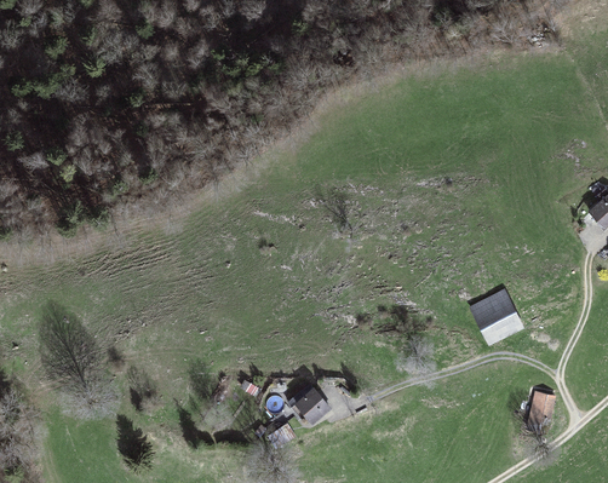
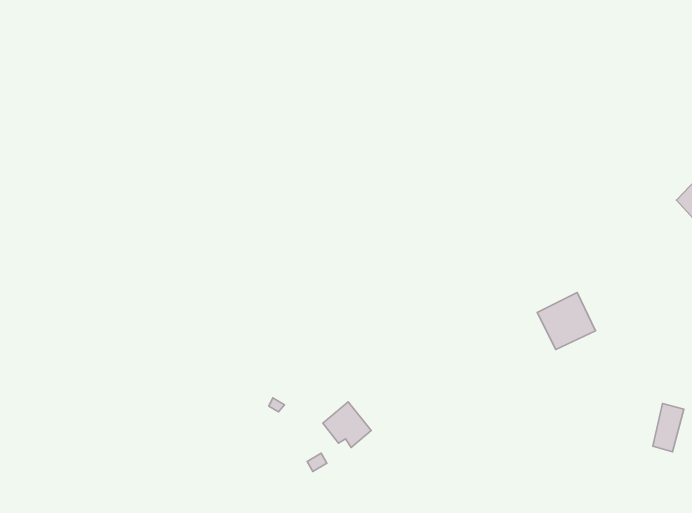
building: [528,391,555,432] -> [653,404,684,452]

